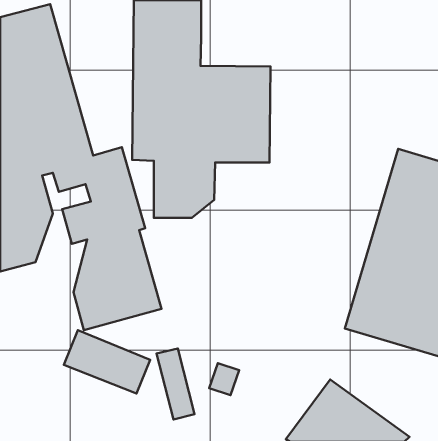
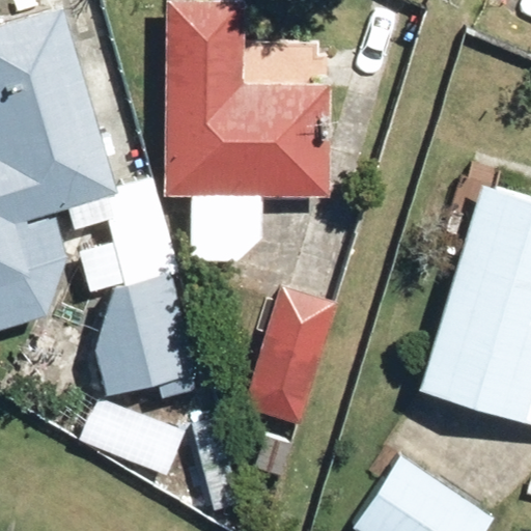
building: none -> [244,286,334,422]

